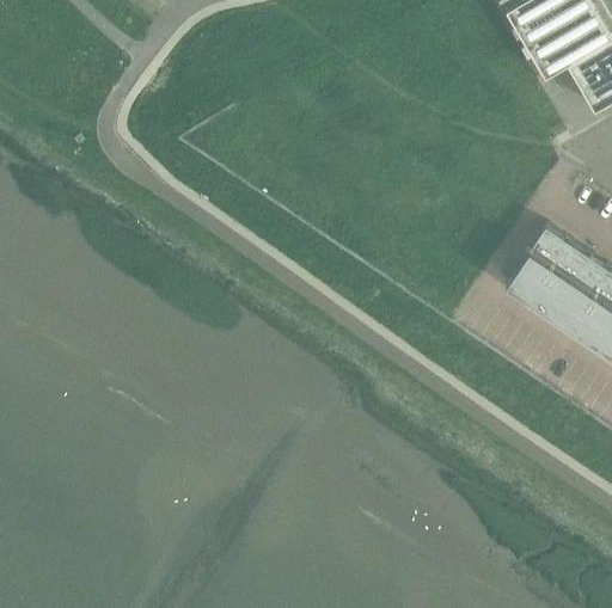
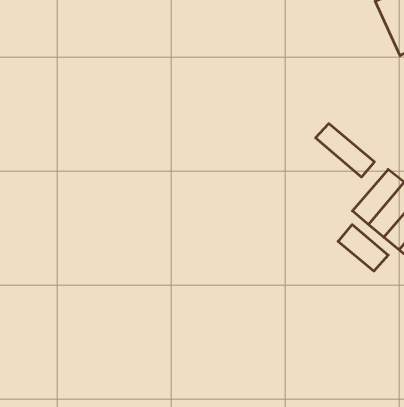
building: none -> [316,124,374,177]
building: none -> [338,225,388,271]

